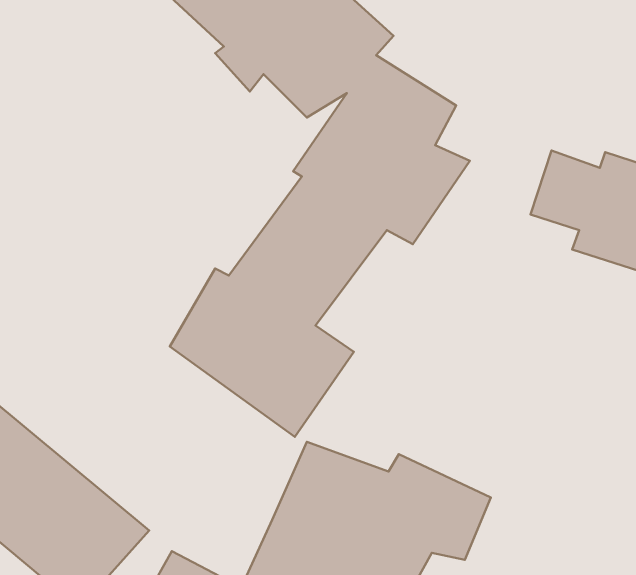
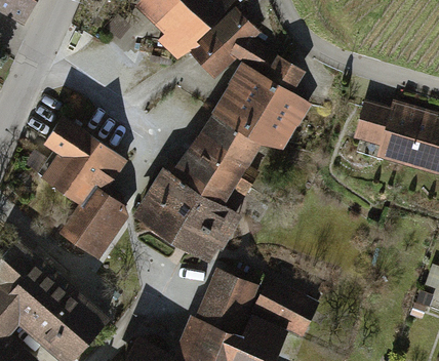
building: none -> [37,115,128,258]

